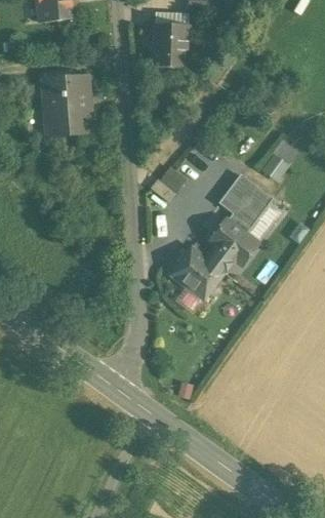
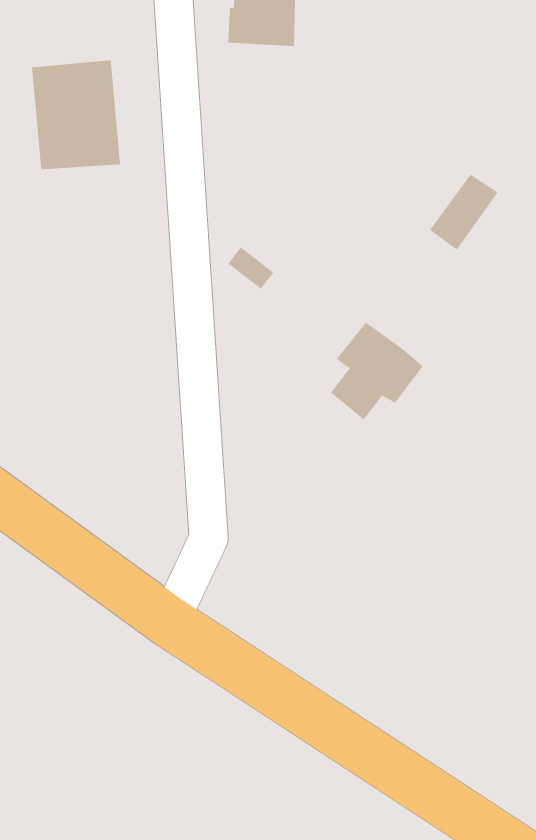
building: [220,174,272,233] -> none
building: [170,246,224,298] -> none

